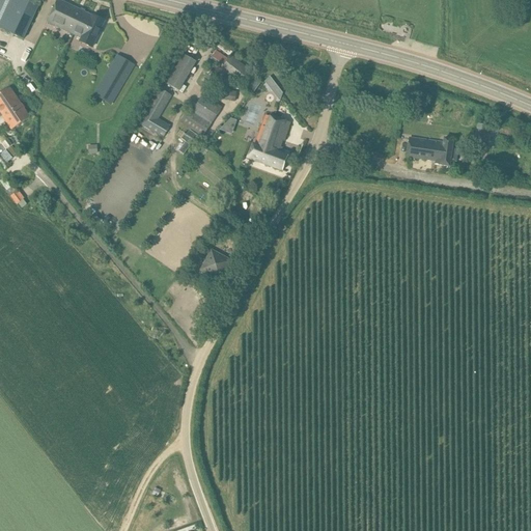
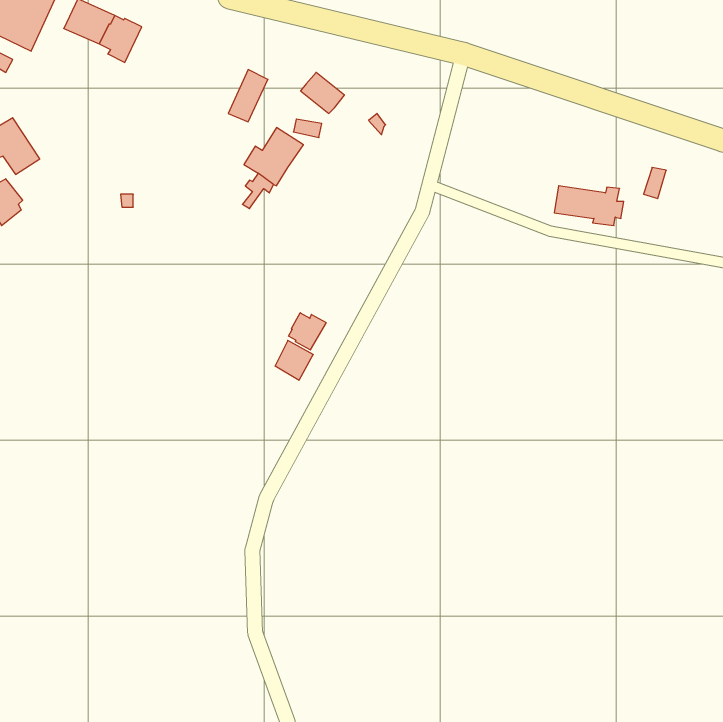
building: [94,54,134,103] -> none
building: [139,87,170,135] -> none
building: [247,113,289,169] -> none
building: none -> [289,313,326,350]

